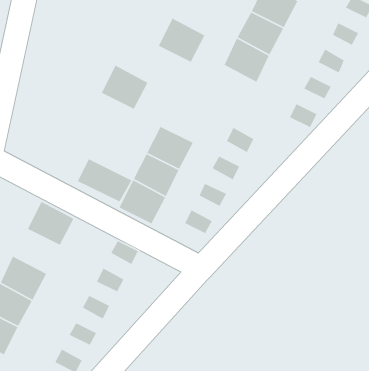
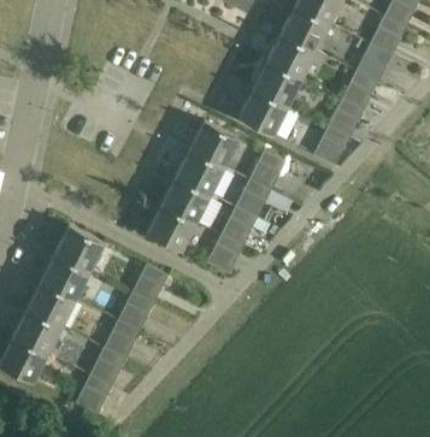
building: [158,17,206,63] -> [238,89,287,135]
building: [101,65,148,110] -> [189,122,237,167]
building: [77,158,132,202] -> none
building: none -> [40,255,88,300]

